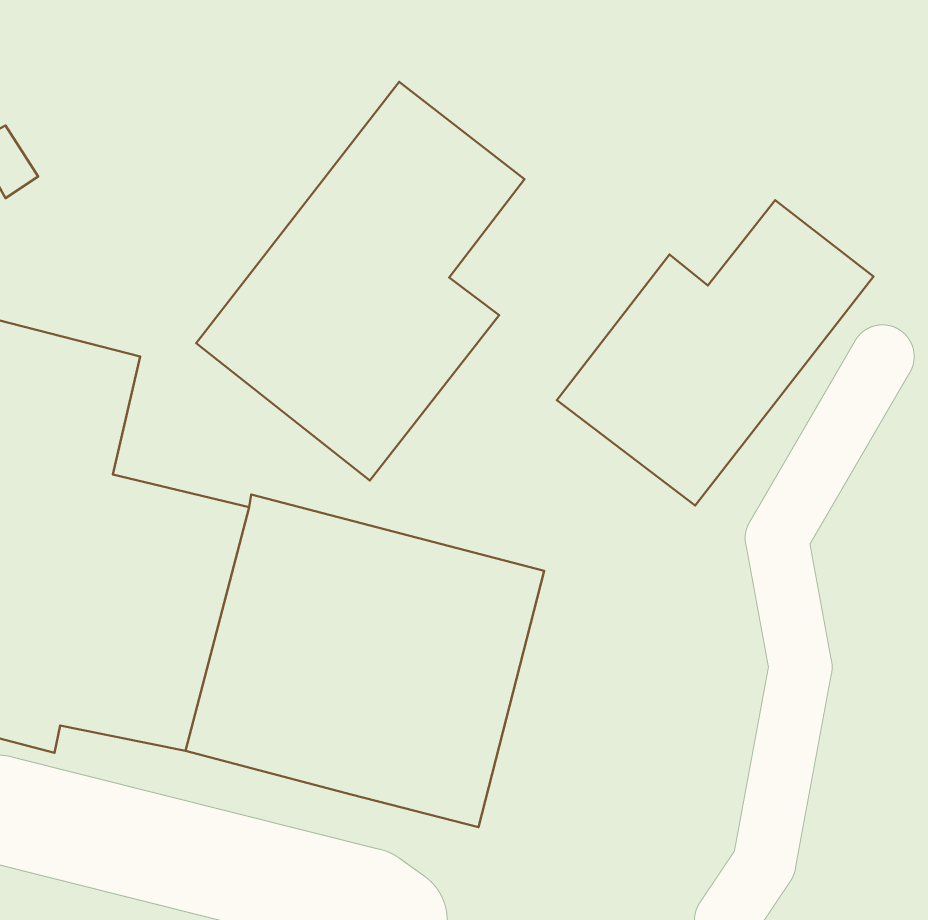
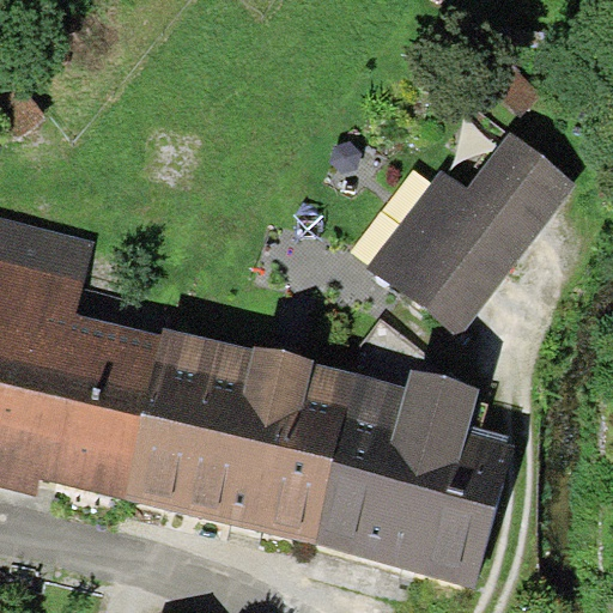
building: [196,82,525,481] -> none
building: none -> [315,372,512,587]

